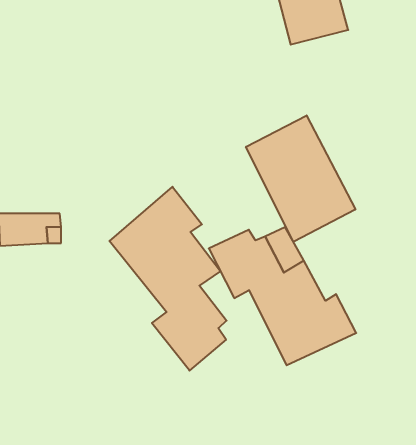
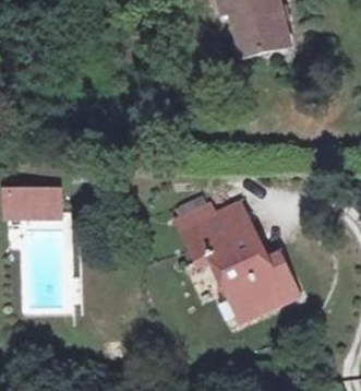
building: [246,115,355,242] -> none
building: [109,187,227,371] -> none

